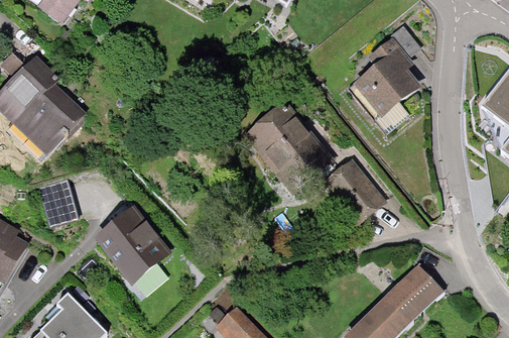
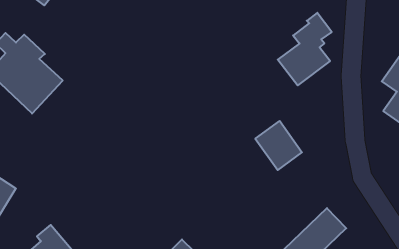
building: [247,103,321,178] -> none
building: [43,182,80,229] -> none
building: [97,208,172,284] -> none

